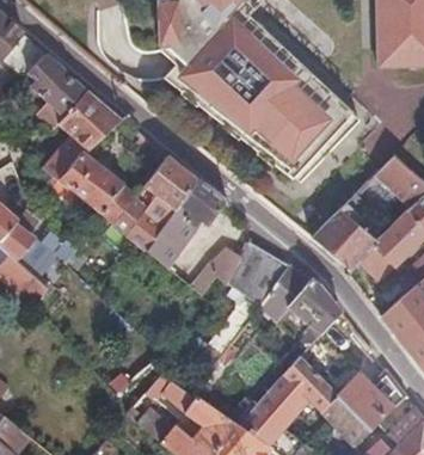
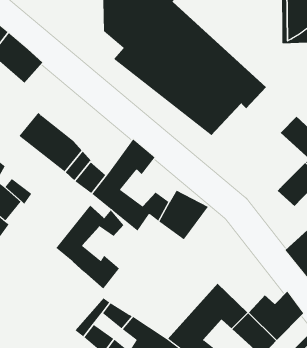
building: [43,90,121,178] -> none
building: [145,158,197,209] -> none
building: [311,192,376,269] -> none
building: none -> [55,205,124,290]
building: [258,264,340,334] -> none

